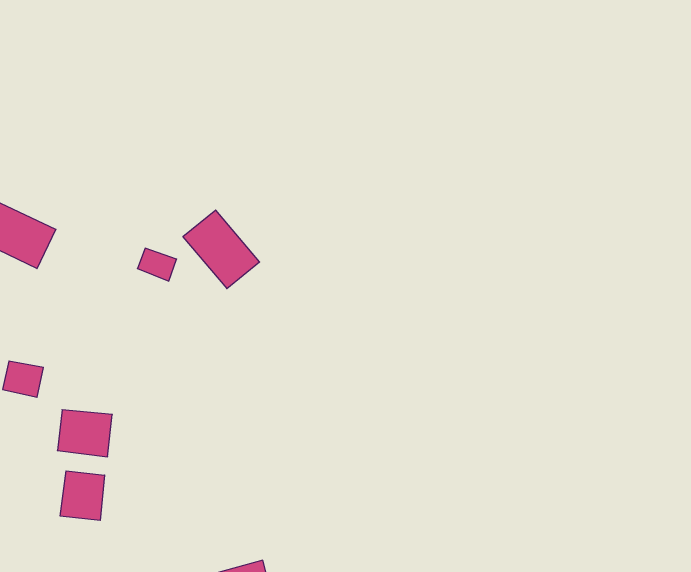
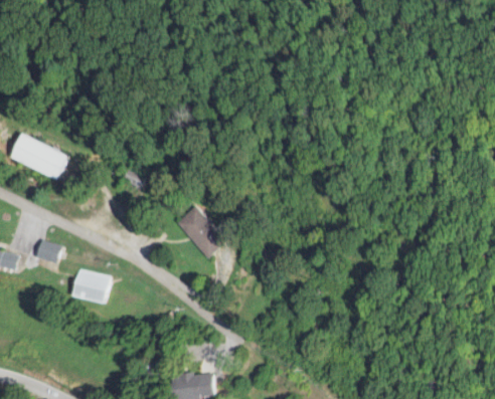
building: [183,210,260,289] -> [180,208,229,258]
building: [60,471,105,520] -> none

